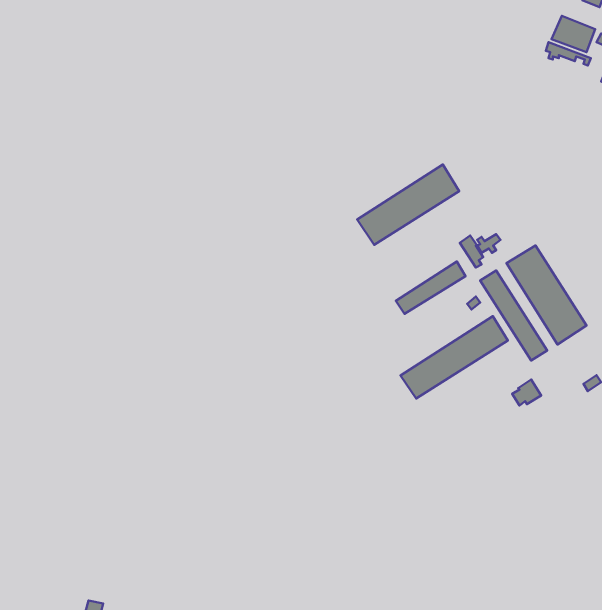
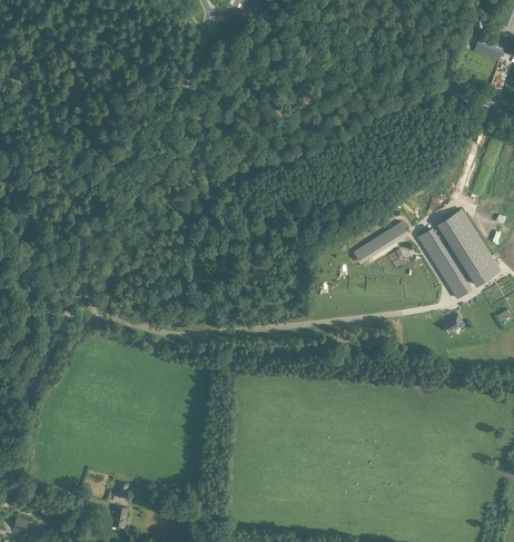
building: [357,164,459,245] -> none
building: [400,316,508,399] -> none

